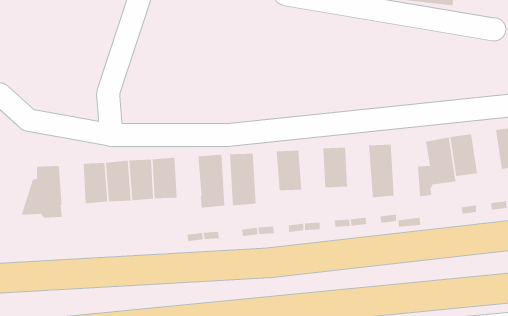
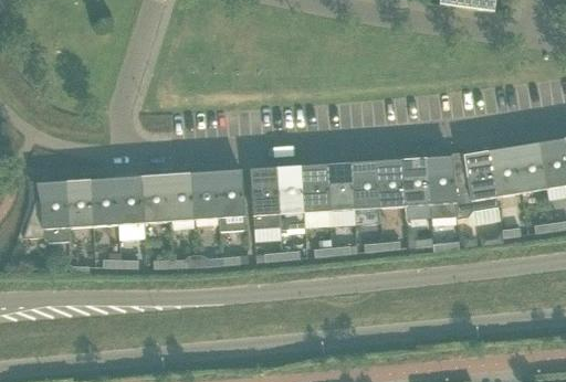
building: none -> [515,144,547,191]
building: none -> [428,150,469,215]
building: none -> [378,160,406,205]
building: none -> [327,163,355,209]
building: none -> [277,167,306,227]
building: none -> [192,172,220,217]
building: none -> [66,180,94,225]

